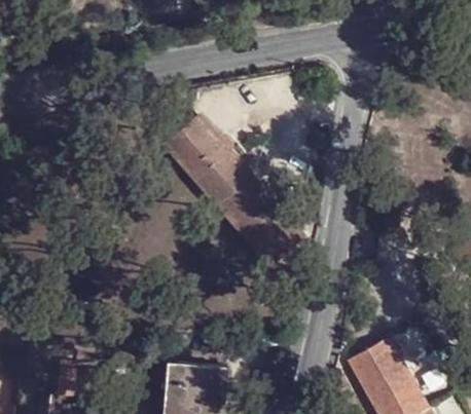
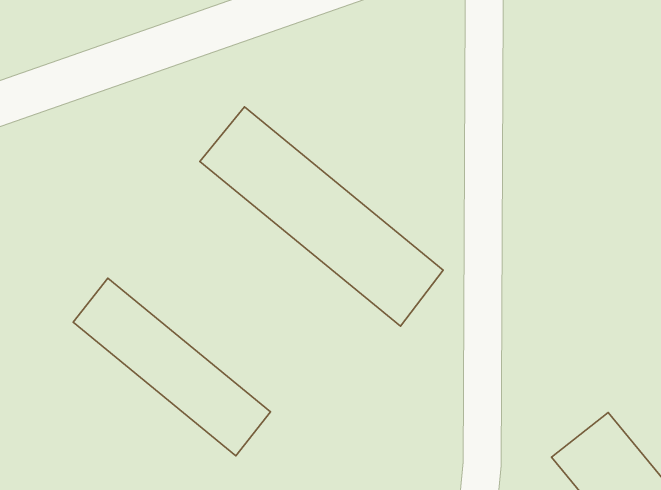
building: none -> [73,278,271,456]

